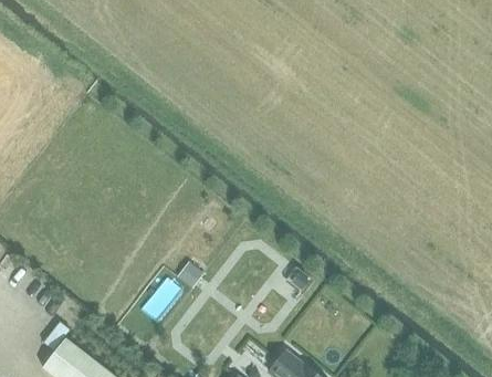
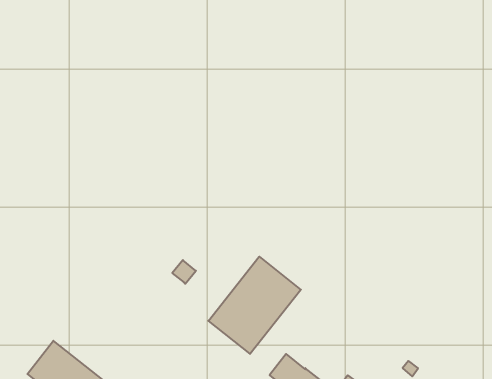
building: none -> [208,257,301,354]

